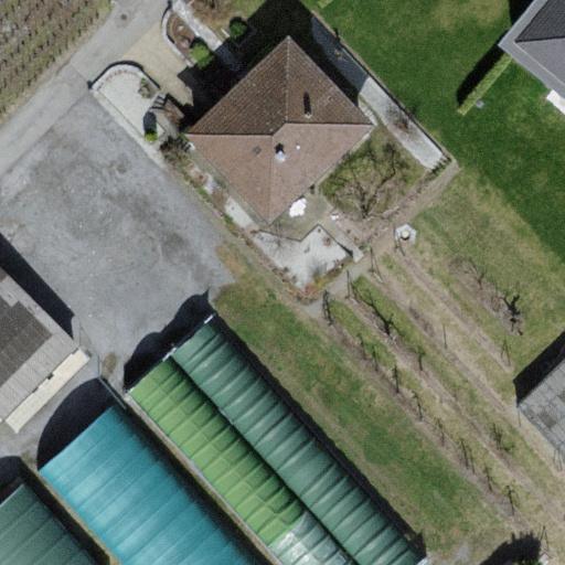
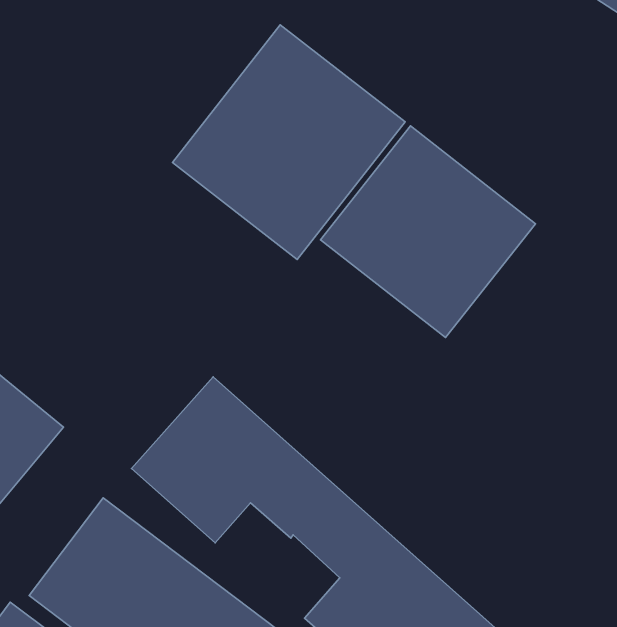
building: none -> [320,126,535,338]

